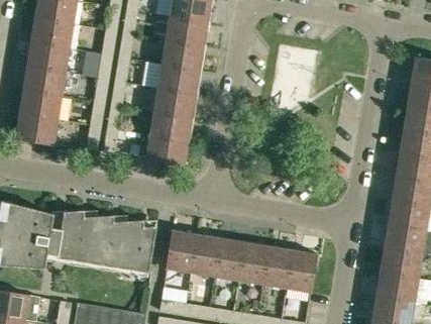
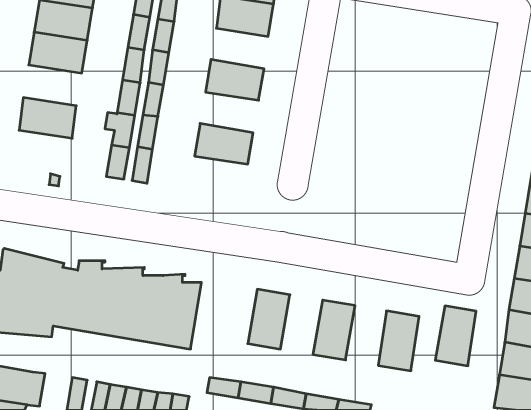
building: [161,38,204,69] -> none
building: [22,66,66,96] -> none
building: [153,86,197,116] -> none
building: [15,114,59,144] -> none
building: [145,133,189,166] -> none
building: [165,228,196,273] -> none
building: [213,236,244,281] -> none
building: [261,244,292,289] -> [435,306,476,366]

